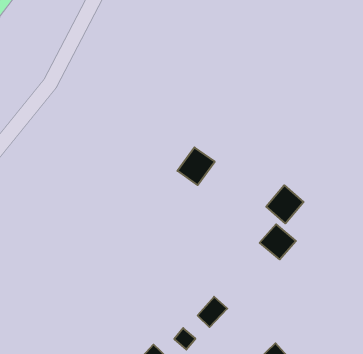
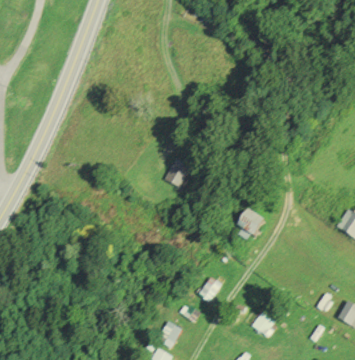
building: [266,185,304,223] -> none

